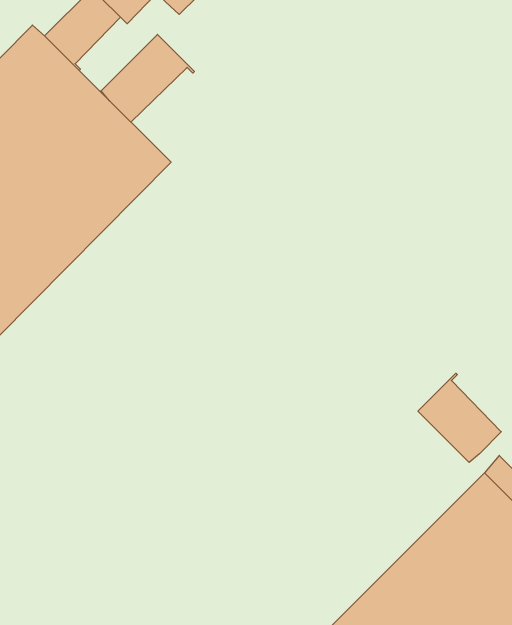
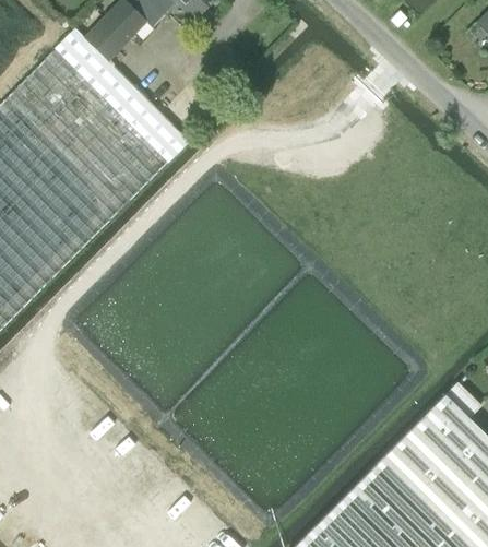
building: [101,34,194,122] -> none
building: [418,373,501,462] -> none

